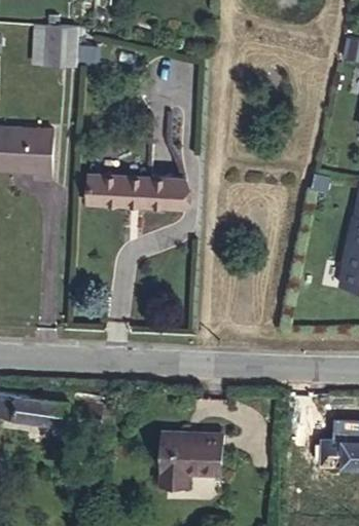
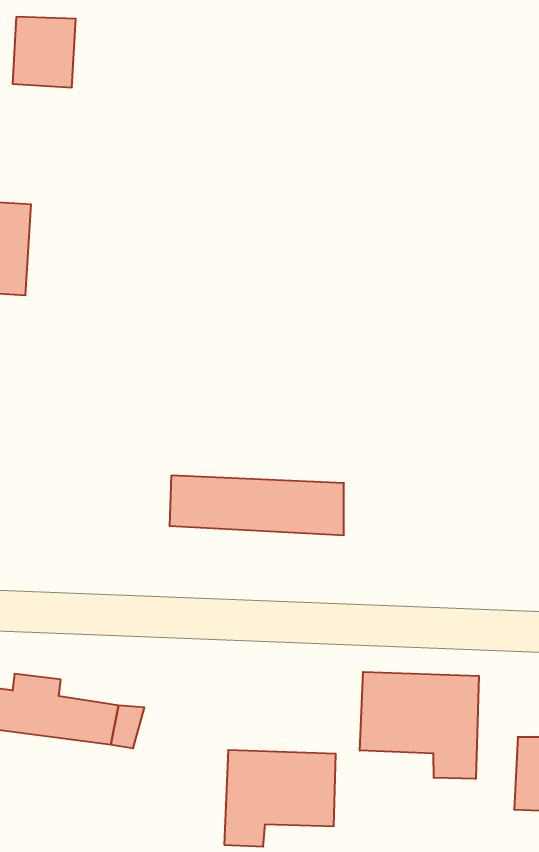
building: [86,175,183,208] -> [169,476,344,535]
building: none -> [360,672,479,779]

